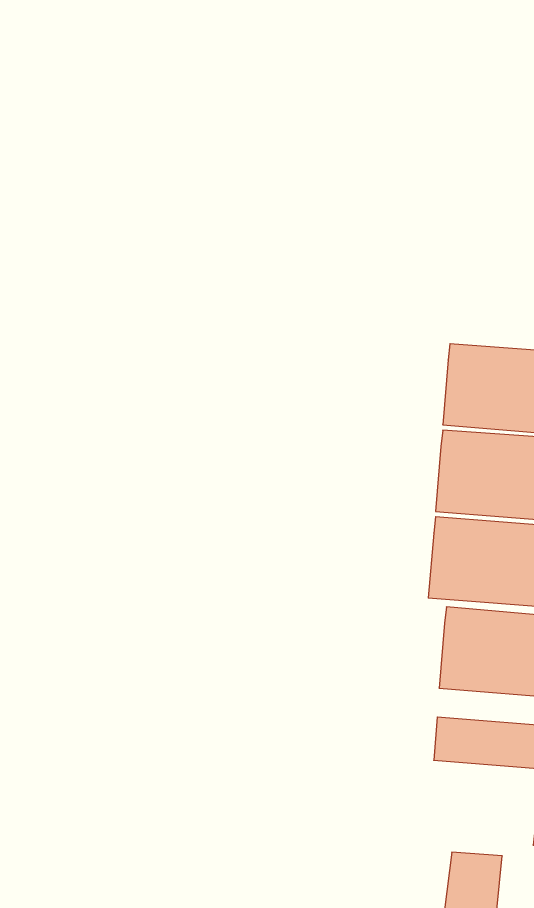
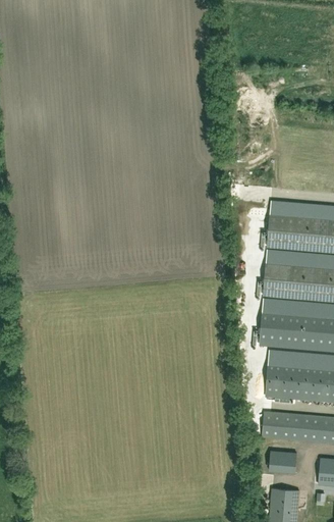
building: none -> [269,452,297,473]

